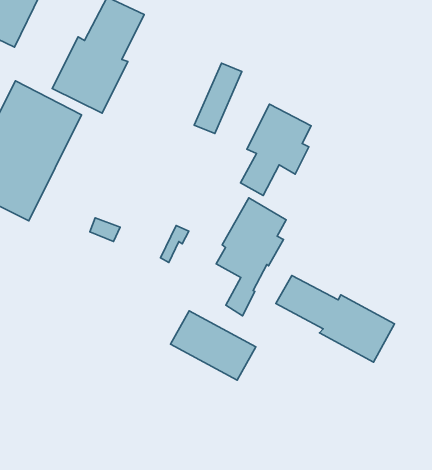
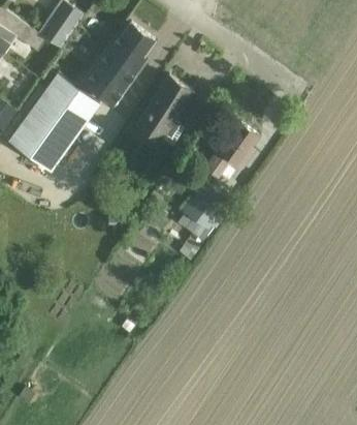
building: none -> [136,75,192,141]
building: [276,275,395,362] -> none
building: [171,311,256,380] -> none

